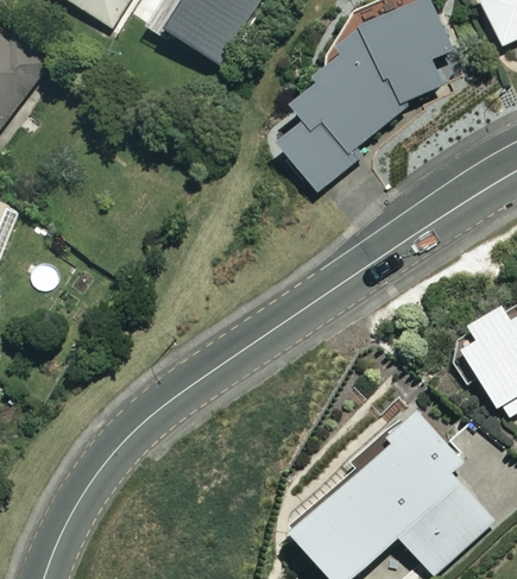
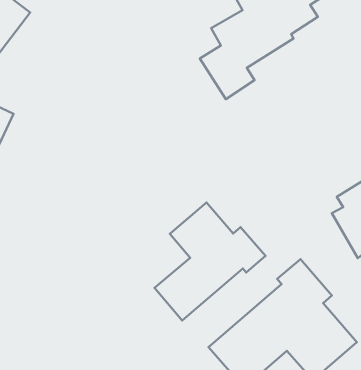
building: none -> [154,202,265,320]

